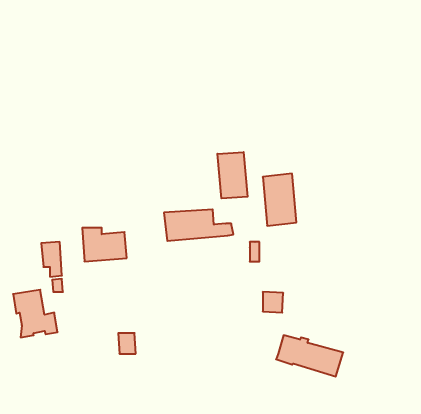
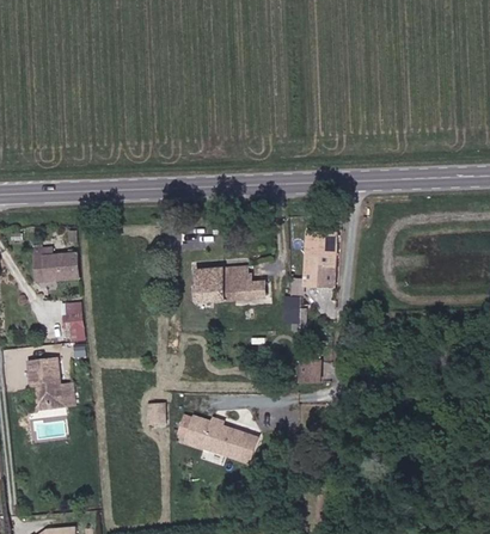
building: [217,152,248,198] -> none
building: [82,228,127,261] -> [29,247,78,284]
building: [276,335,343,377] -> [185,415,259,460]

